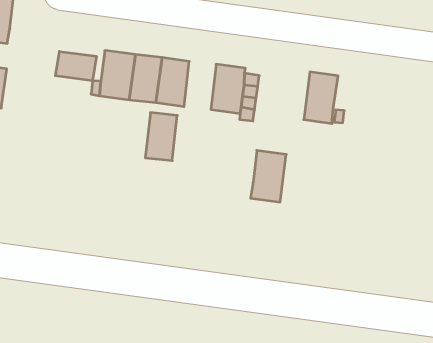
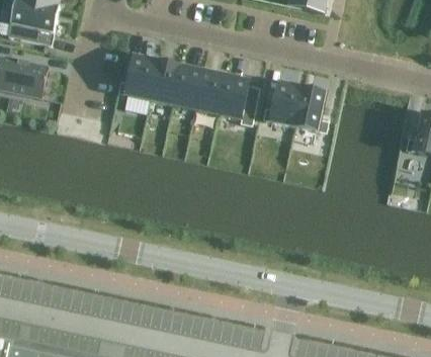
building: [55,51,96,81] -> none
building: [145,113,177,161] -> [193,71,223,112]
building: [251,150,286,202] -> [268,82,300,126]

